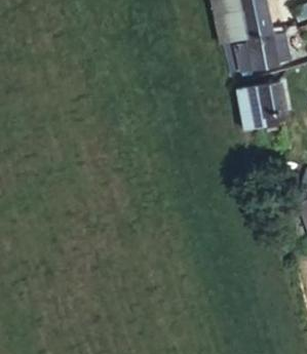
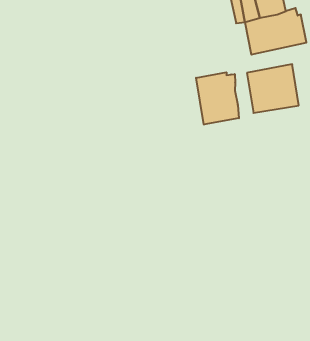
building: none -> [196,72,239,125]

